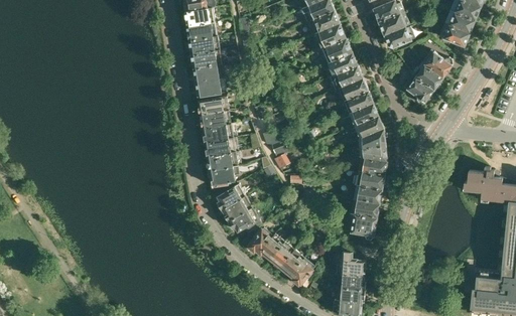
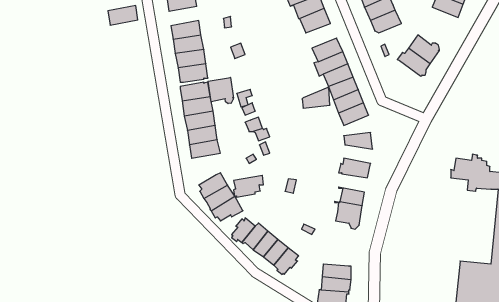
building: [187,22,217,41] -> [108,6,138,25]
building: [439,23,471,47] -> none
building: [321,39,352,63] -> none
building: [404,75,434,105] -> none
building: none -> [208,77,234,104]
building: [358,129,385,149] -> [302,88,330,108]
building: [359,158,387,176] -> none
building: [210,166,239,187] -> [234,175,263,197]
building: [354,186,382,204] -> none
building: [337,252,366,277] -> none

